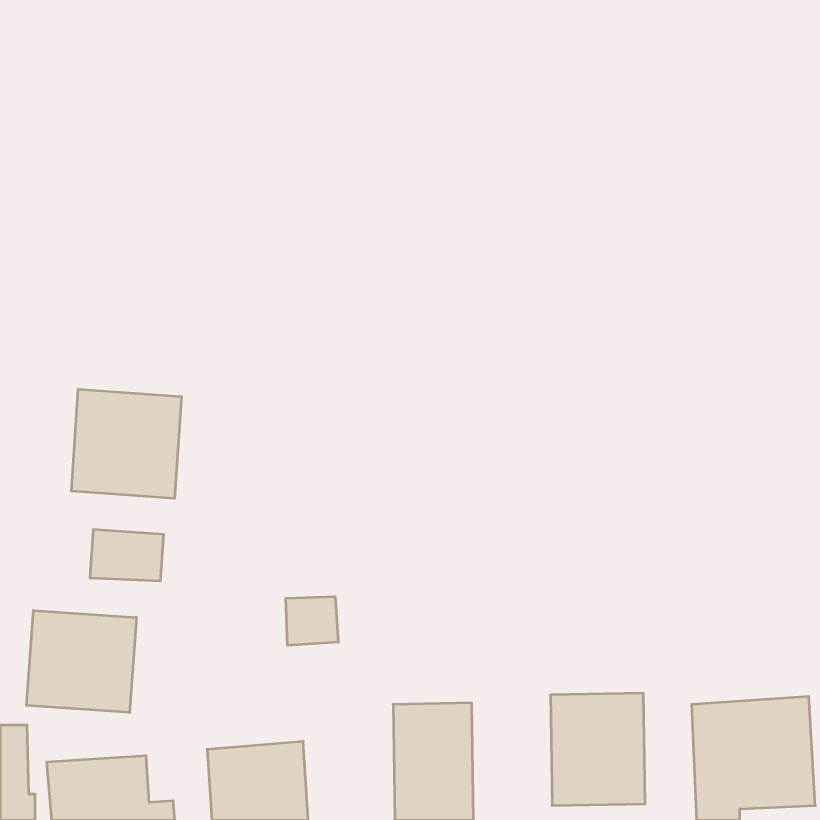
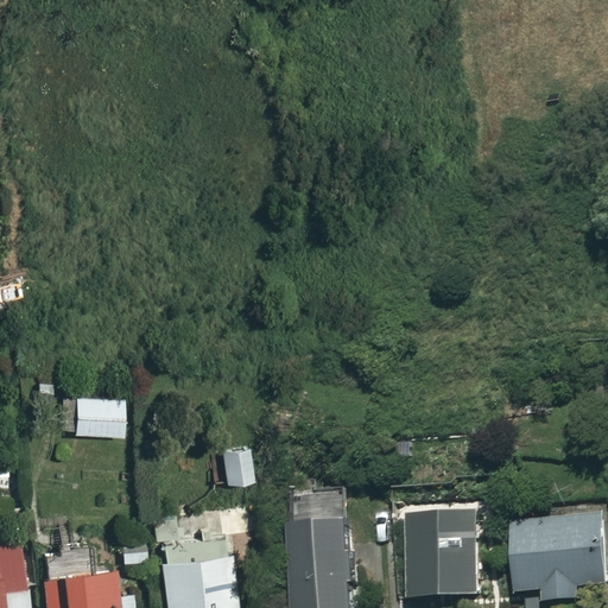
building: [71,389,182,498] -> none
building: [27,610,136,713] -> none

